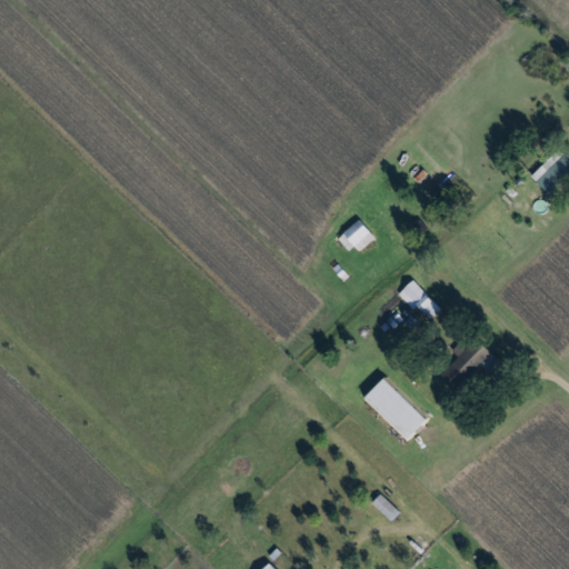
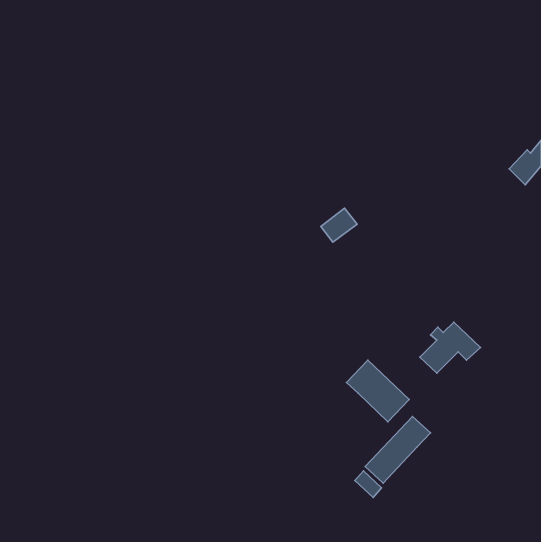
building: [397,279,440,318] -> none
building: none -> [365,416,430,483]

